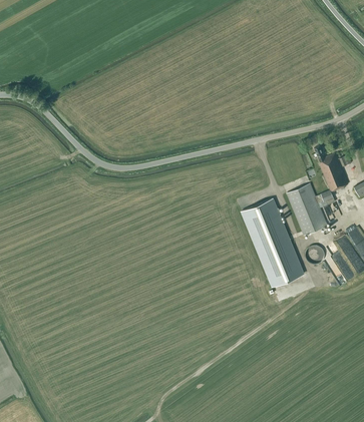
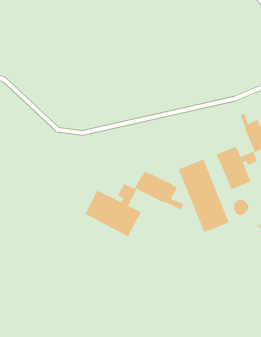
building: none -> [85,170,184,237]

